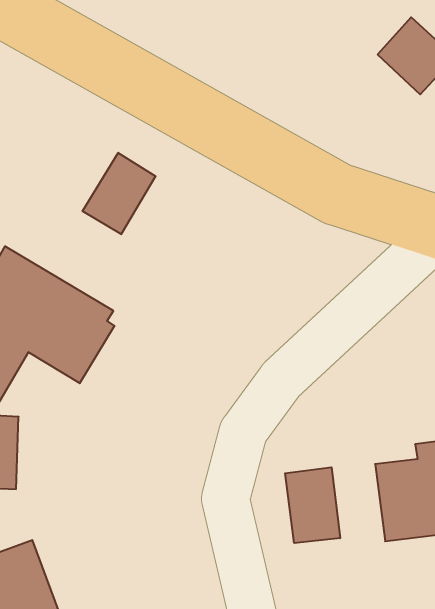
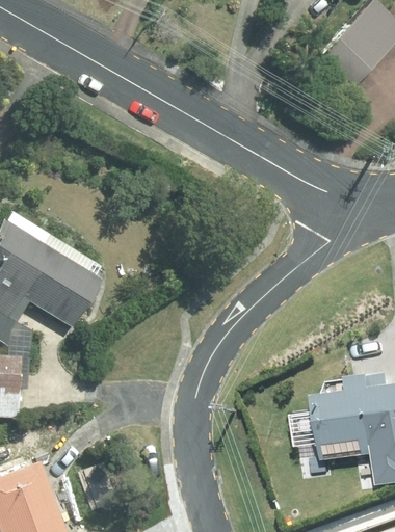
building: [83,153,156,234] -> none
building: [285,467,340,543] -> none

